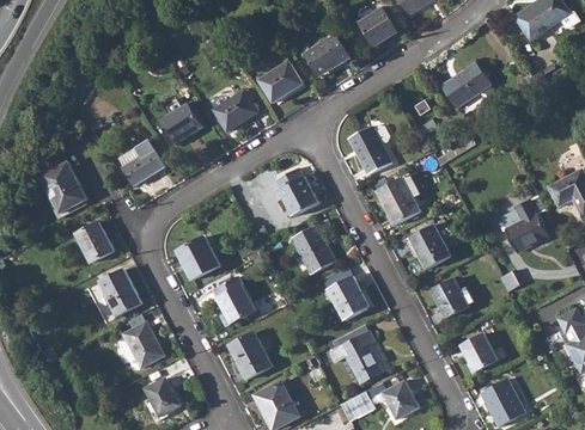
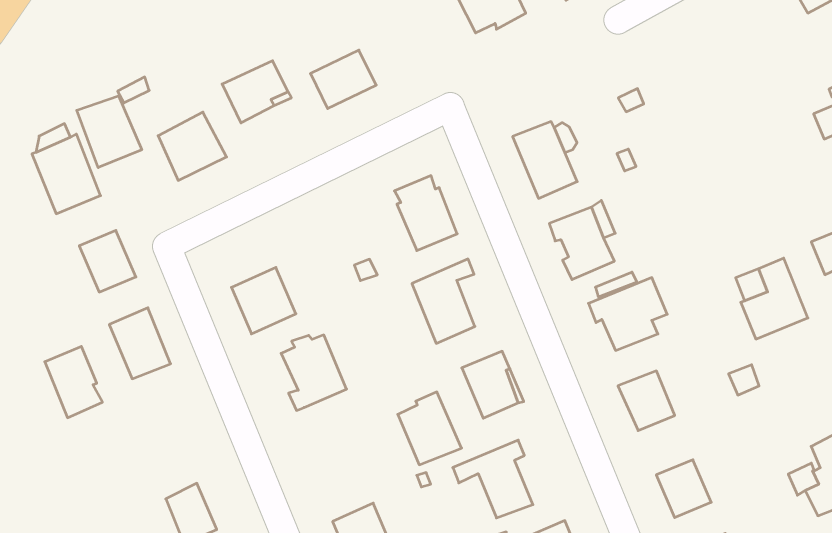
building: [443,62,492,108] -> none
building: [260,63,304,104] -> none
building: none -> [77,96,142,168]
building: [123,321,163,368] -> [45,346,102,418]
building: [230,331,273,379] -> [398,392,462,465]

